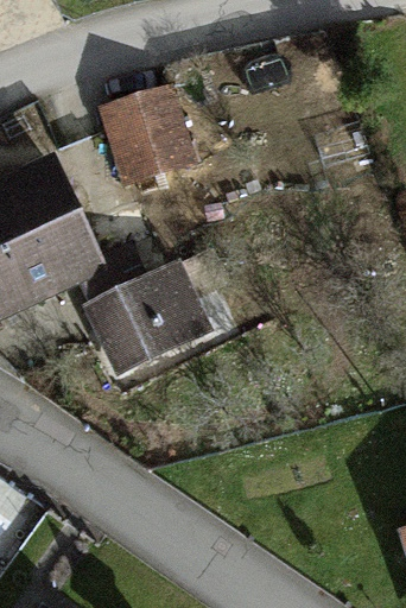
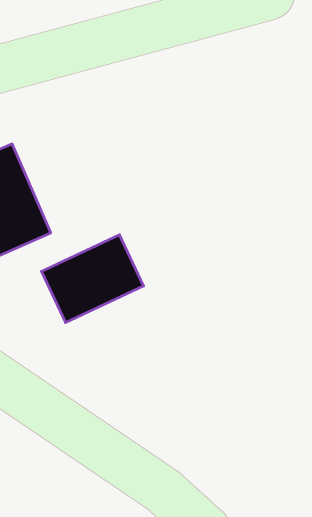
building: [101,94,184,185] -> none

